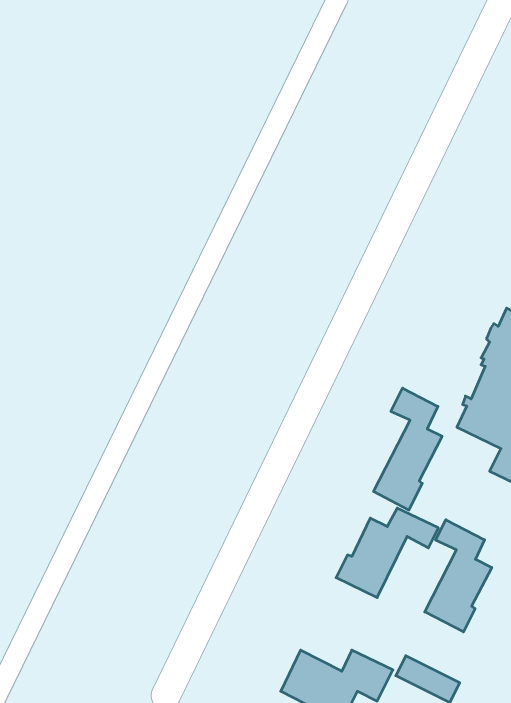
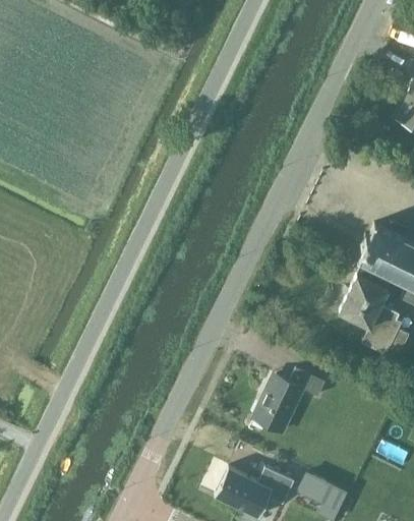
building: [374,388,442,510] -> none
building: [425,520,492,632] -> none

